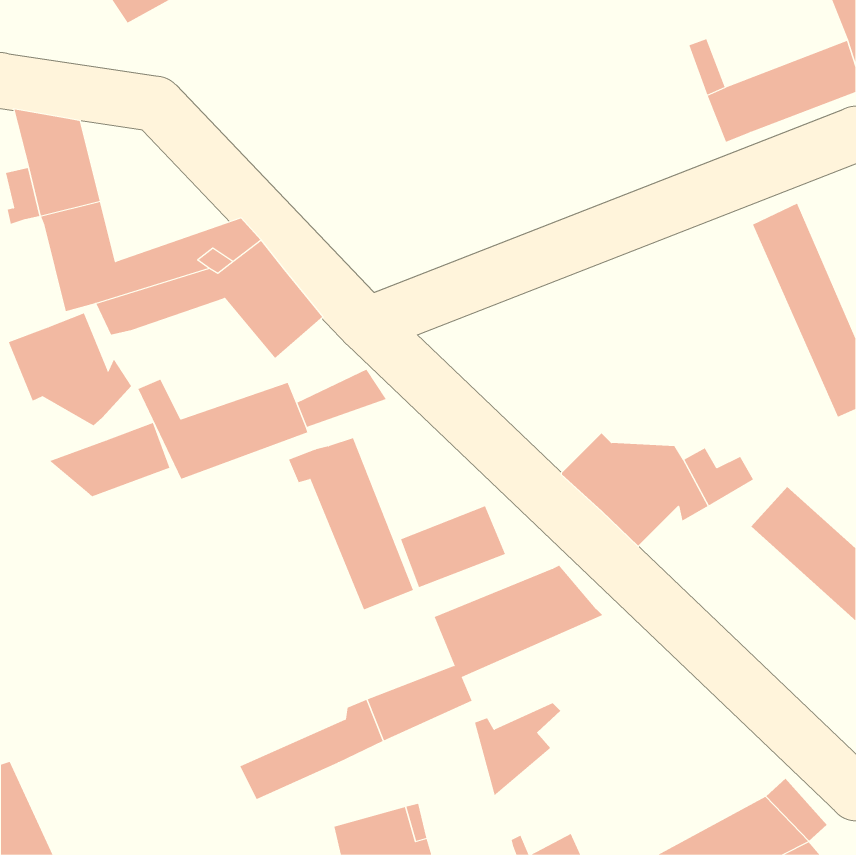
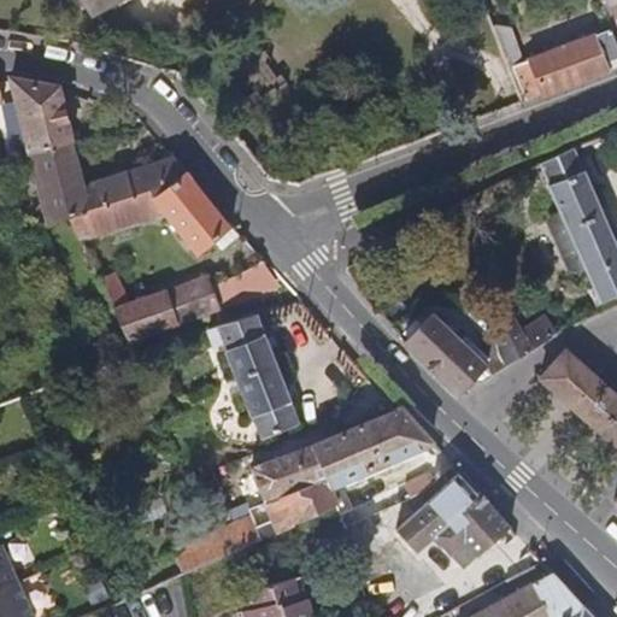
building: [9,312,132,426] -> none
building: [49,422,170,497] -> none
building: [400,506,506,588] -> [251,443,327,503]
building: none -> [395,471,510,583]

